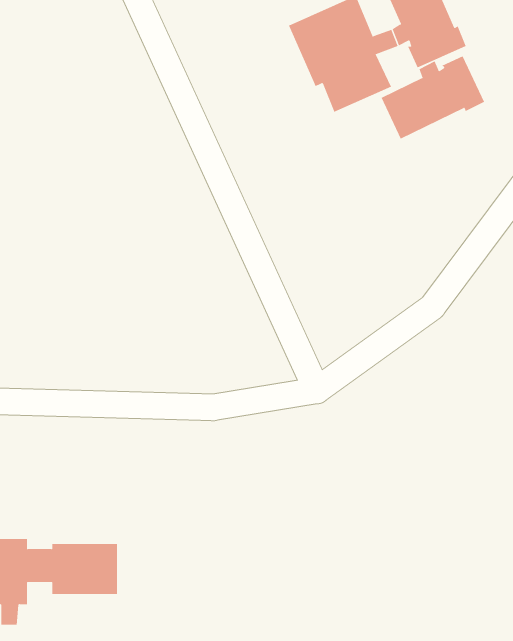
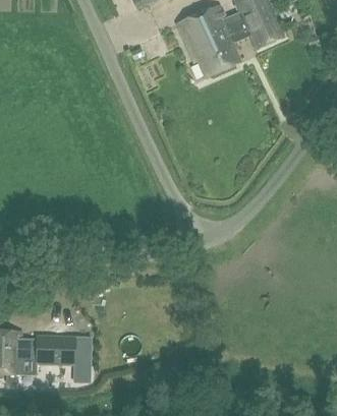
building: [381,56,485,140] -> none
building: none -> [73,334,92,381]

